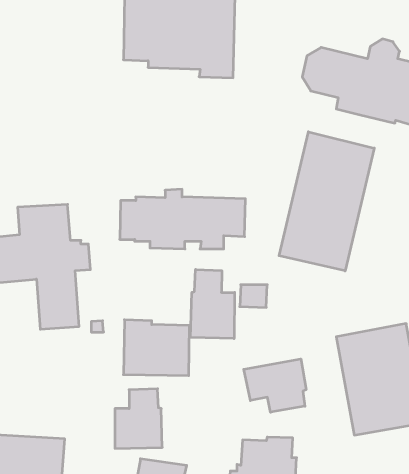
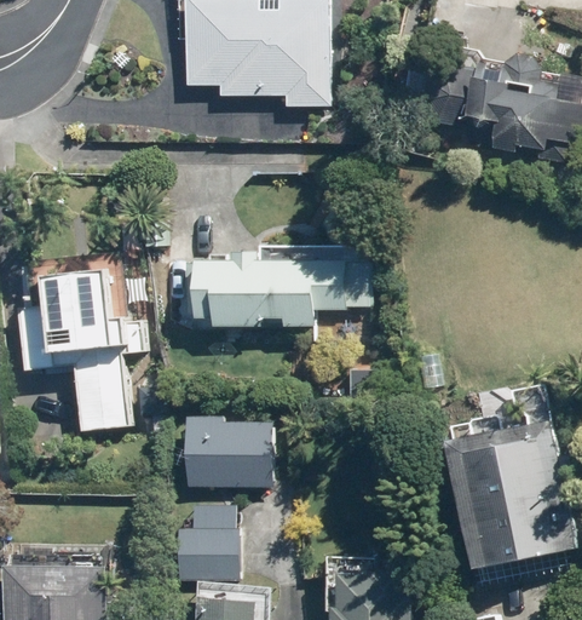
building: [279,132,374,271] -> none
building: [191,269,235,339] -> none
building: [244,359,306,412] -> none

